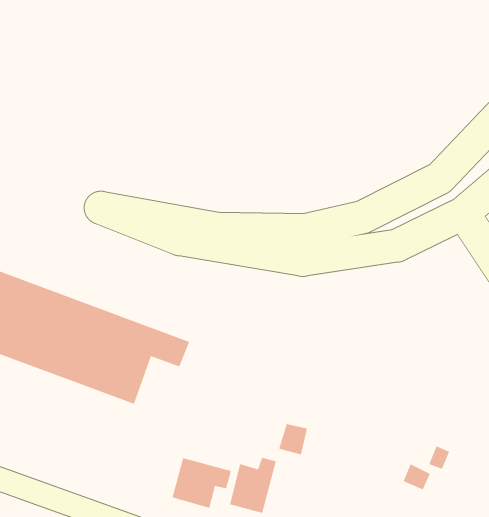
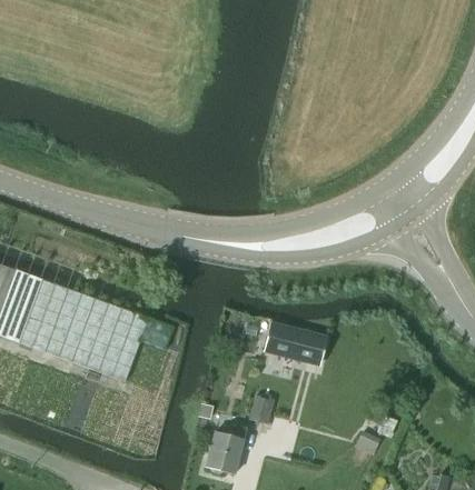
building: none -> [264,322,327,367]
building: [172,457,232,509] -> none

